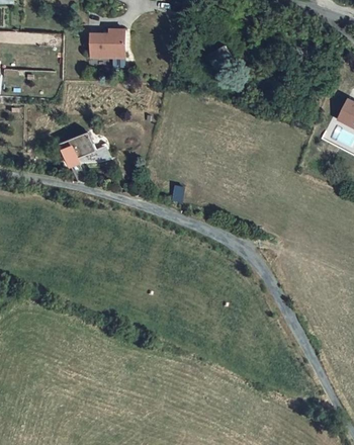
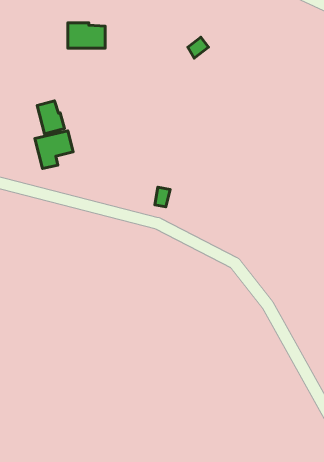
building: none -> [37,101,64,134]

